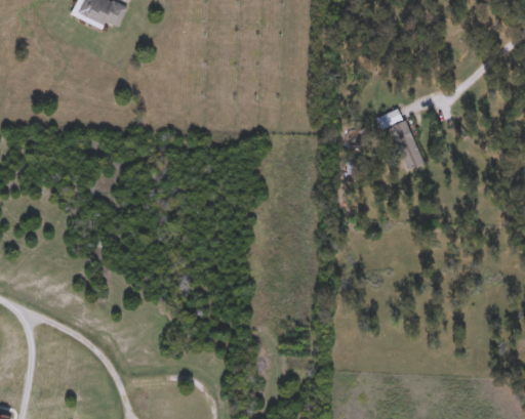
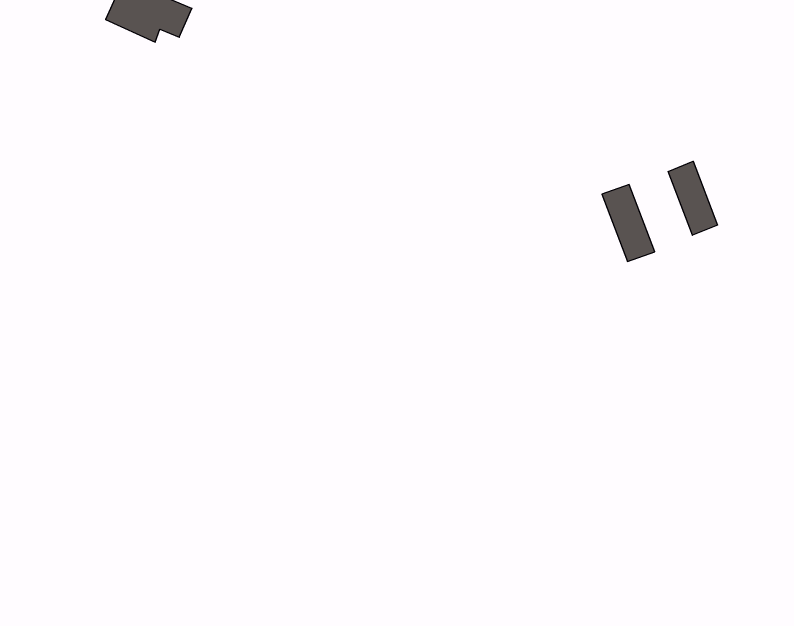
building: none -> [668,161,718,235]

